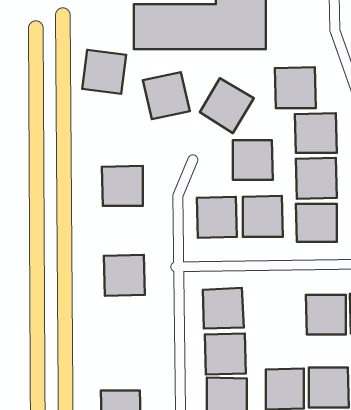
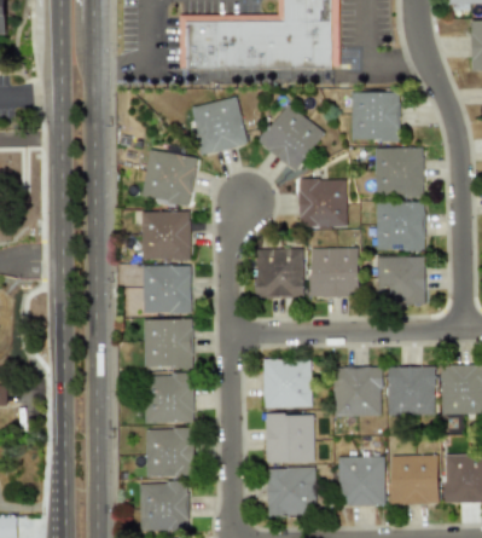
building: [82,50,126,94] -> [141,150,194,203]
building: none -> [141,265,191,313]
building: none -> [332,366,382,416]
building: none -> [144,374,193,423]
building: none -> [145,428,193,476]

